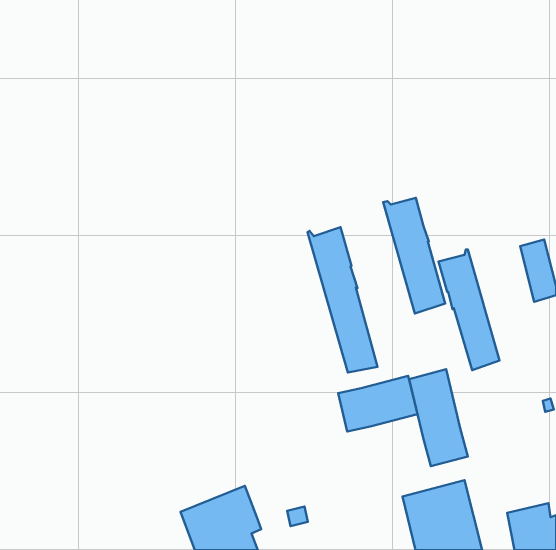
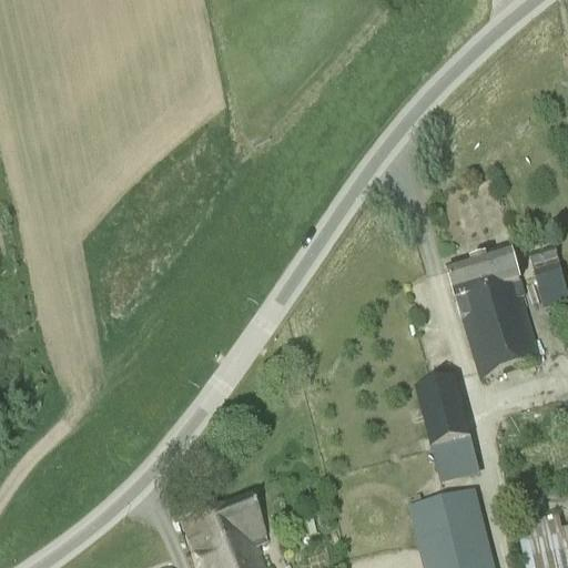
building: [383,198,445,313] -> [477,250,540,367]
building: [308,227,378,373] -> none
building: [338,376,417,432] -> none

